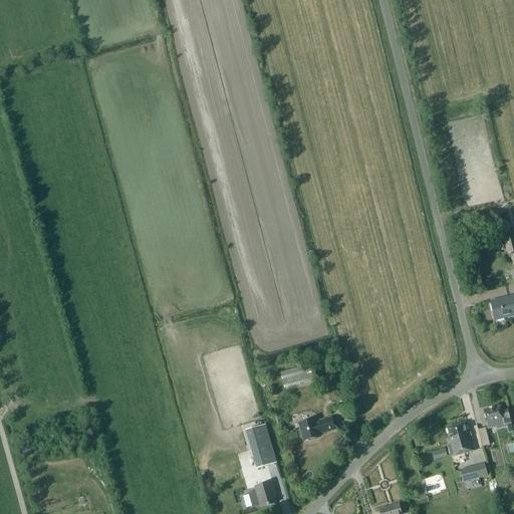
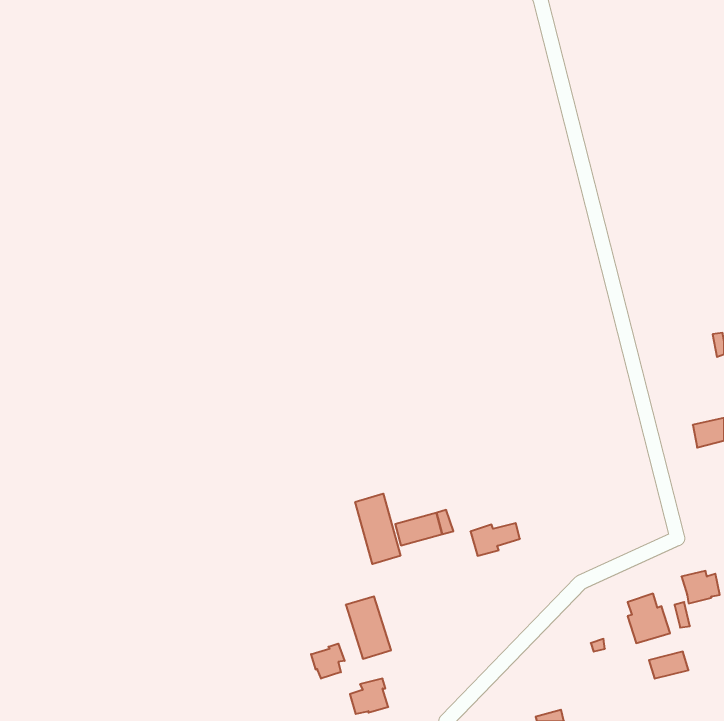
building: none -> [355,494,400,564]
building: [298,417,333,440] -> [470,523,520,556]
building: none -> [311,644,345,679]

